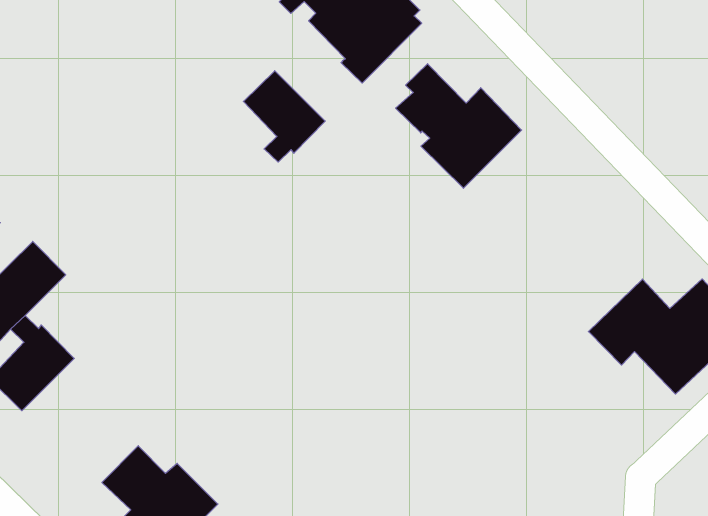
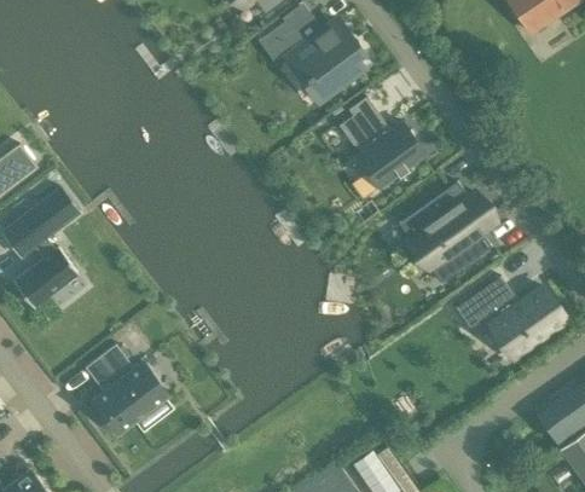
building: [243,71,325,162] -> none
building: none -> [400,183,499,283]

